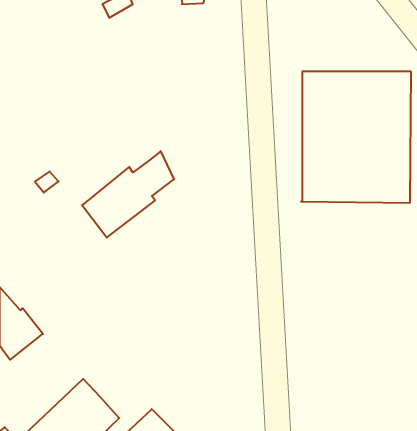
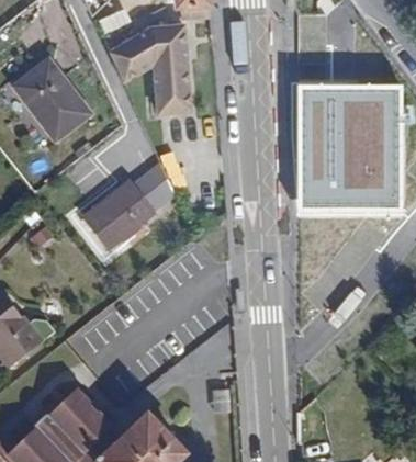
building: none -> [109,24,192,114]
building: none -> [13,59,90,139]

